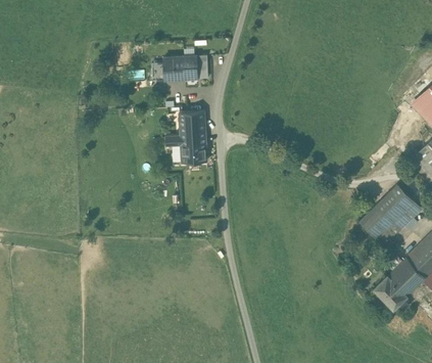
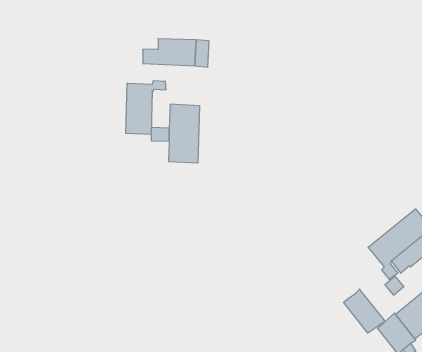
building: none -> [126,81,166,134]
building: none -> [343,289,385,333]

